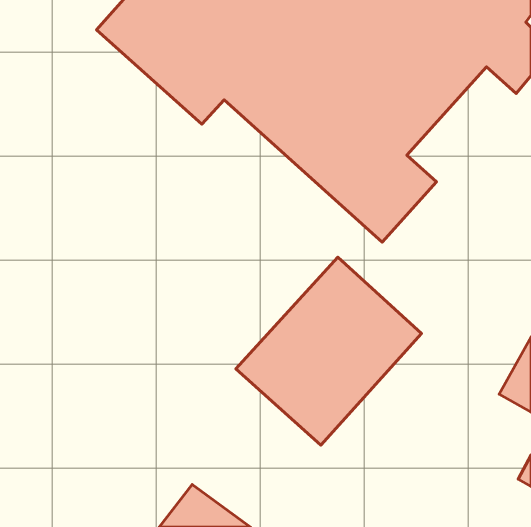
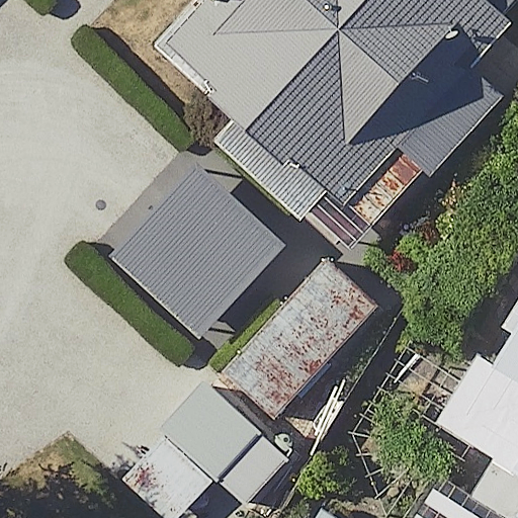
building: none -> [105,159,285,339]

